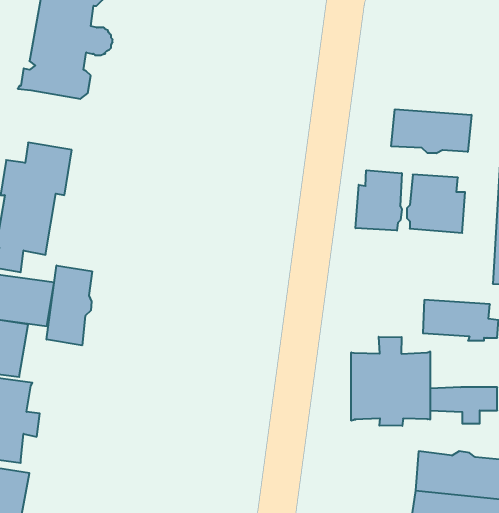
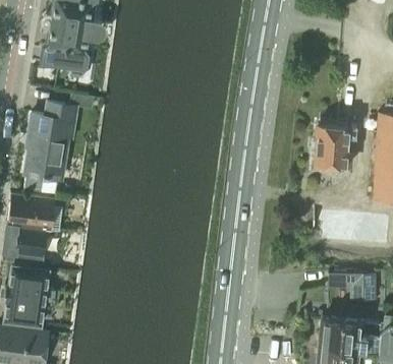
building: [391,109,471,153] -> none
building: [356,170,402,231] -> none
building: [47,265,92,345] -> none
building: [351,337,430,426] -> none

